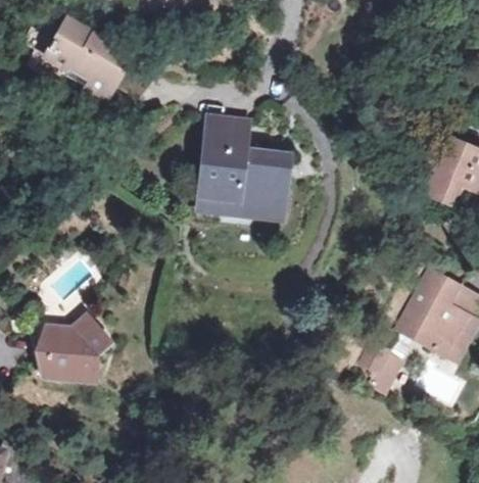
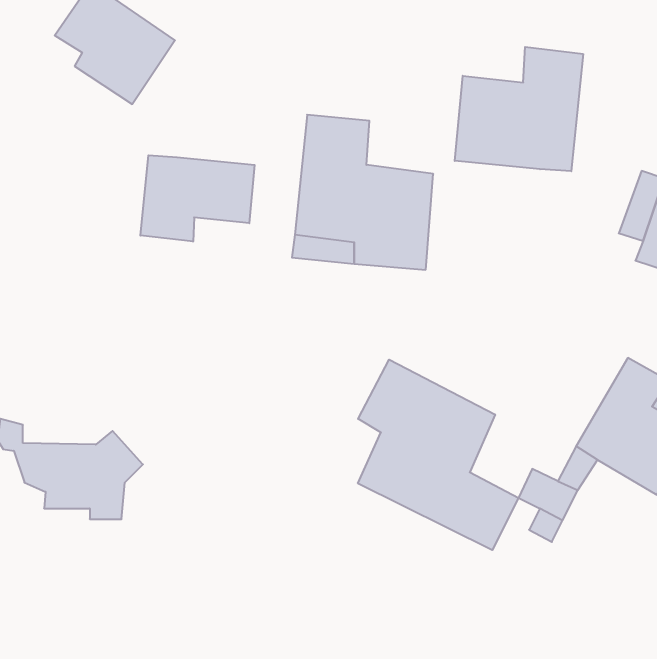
building: none -> [455,47,583,171]
building: none -> [140,155,255,242]
building: none -> [358,360,518,550]

